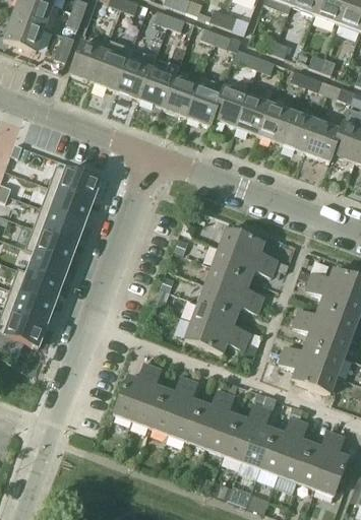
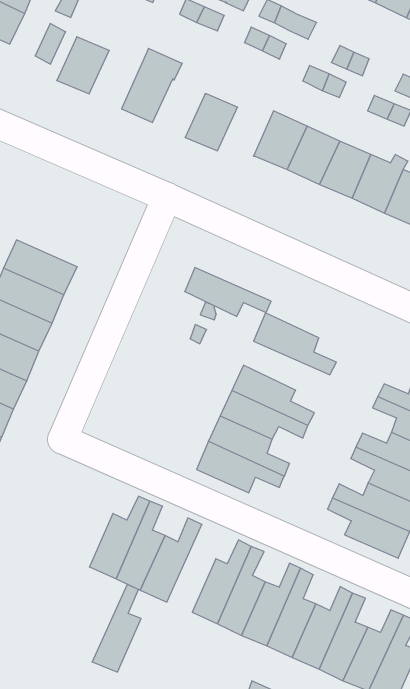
building: [94,39,133,90] -> none
building: [139,61,180,108] -> none
building: [186,77,224,125] -> none
building: [49,166,101,203] -> none
building: [214,248,275,280] -> [185,268,271,316]
building: [170,379,202,441] -> [92,584,141,672]

